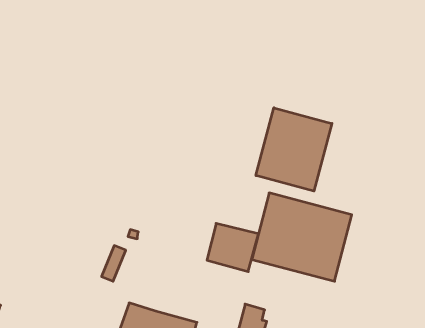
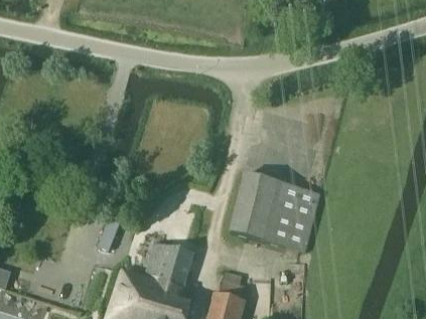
building: [256,108,332,191] -> none
building: [207,223,259,272] -> [146,245,191,287]

